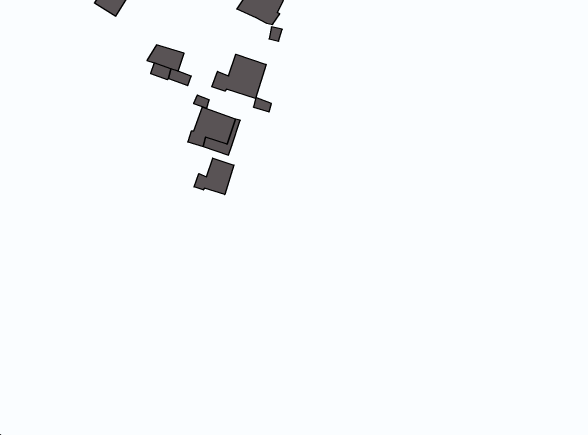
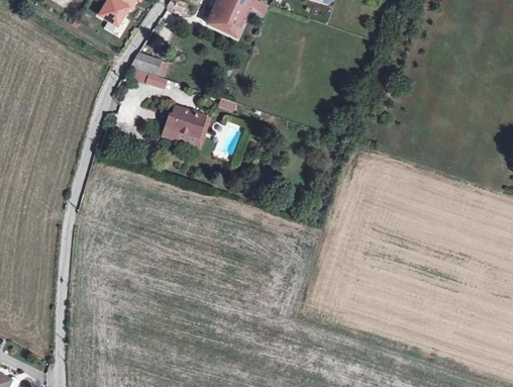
building: [212,54,266,99] -> none
building: [194,158,234,195] -> none

